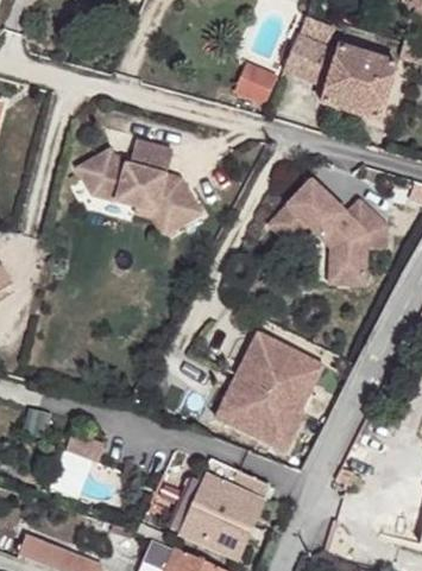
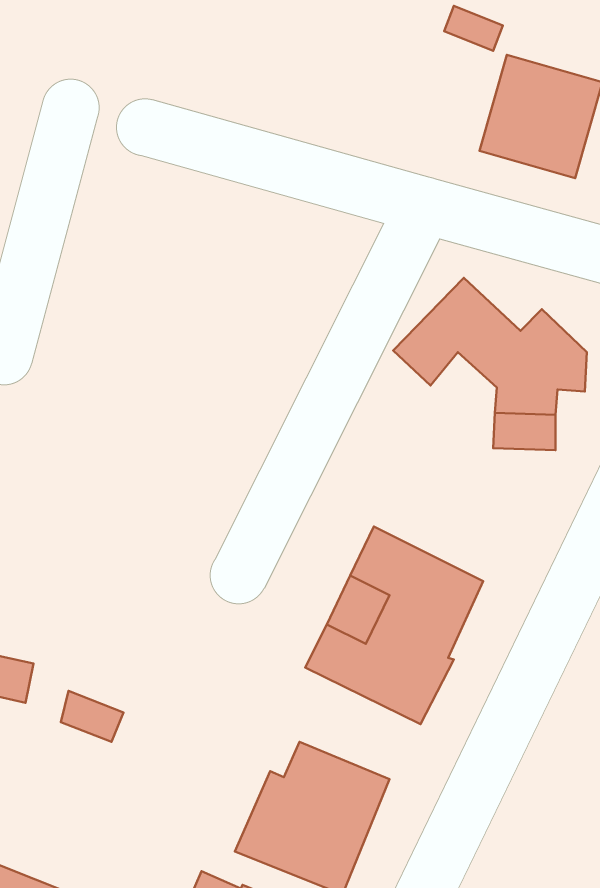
building: [283,33,333,82] -> none
building: [234,59,278,103] -> none
building: [83,139,201,230] -> none

